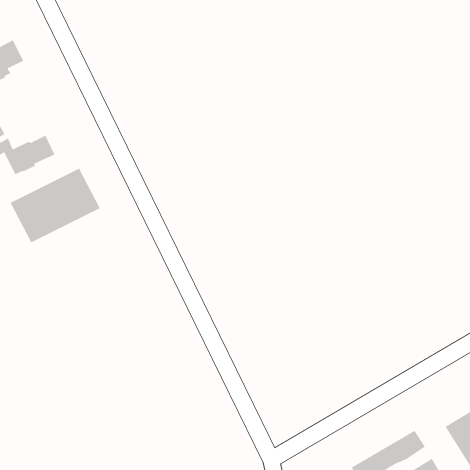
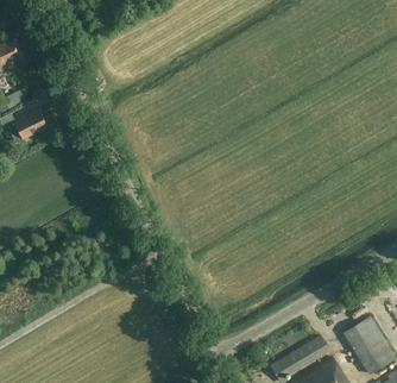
building: [9,168,101,244] -> none

